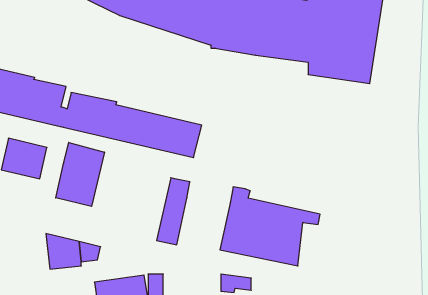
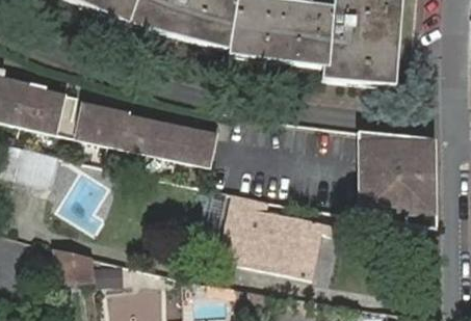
building: none -> [358,132,435,229]
building: [56,142,104,206] -> none
building: [157,178,190,245] -> [214,193,248,262]

